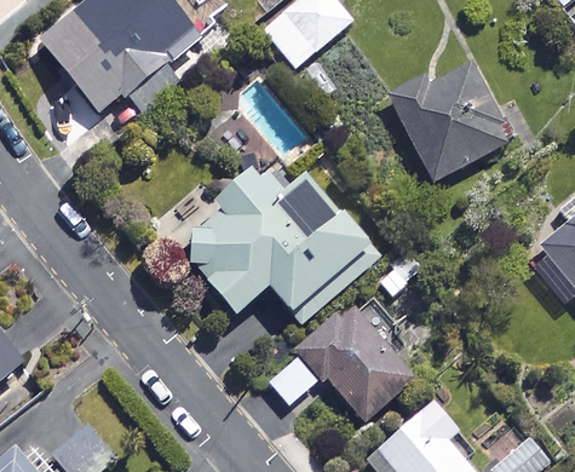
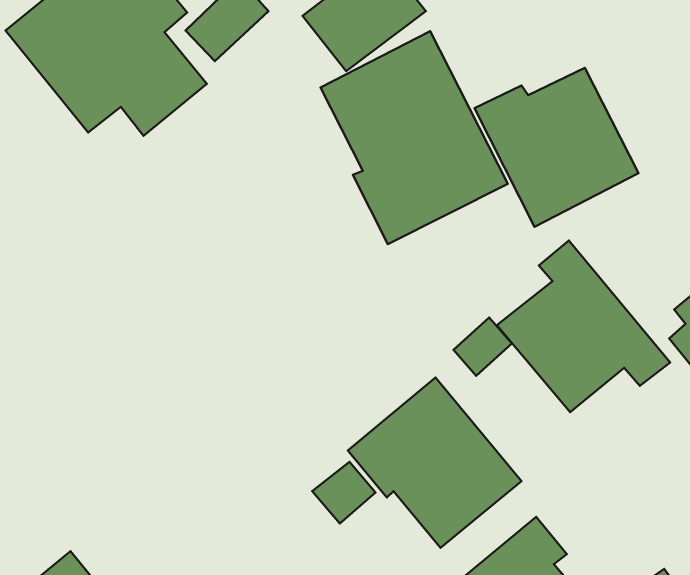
building: none -> [320,31,508,244]
building: [177,167,373,318] -> none
building: none -> [497,240,670,412]

